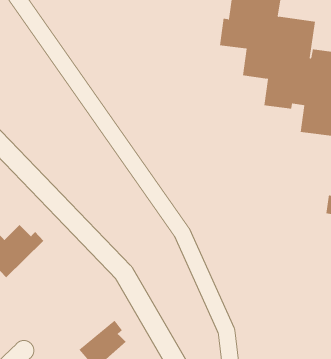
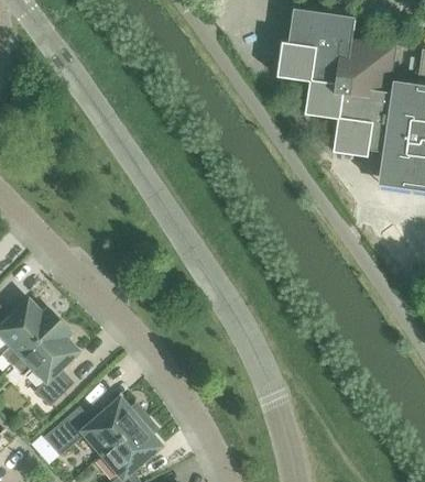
building: none -> [12,319,79,404]
building: none -> [46,397,148,454]

